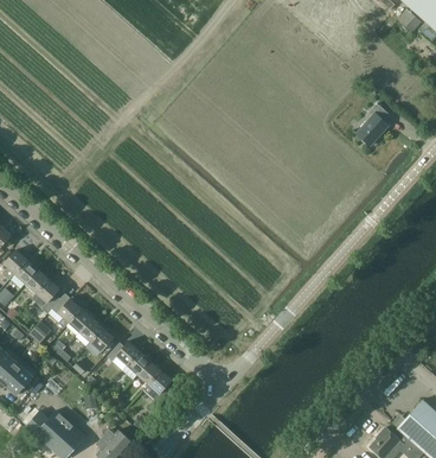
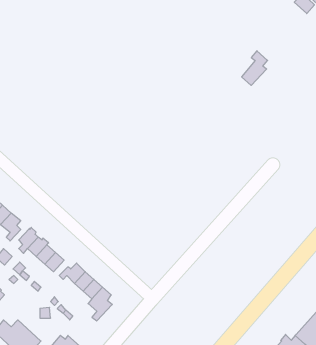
building: [359,103,391,146] -> [242,51,268,85]

